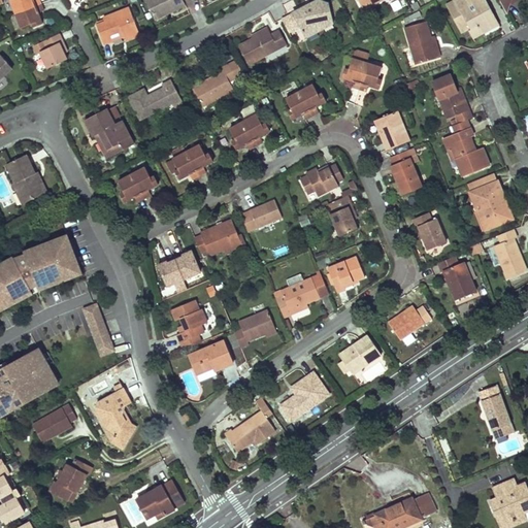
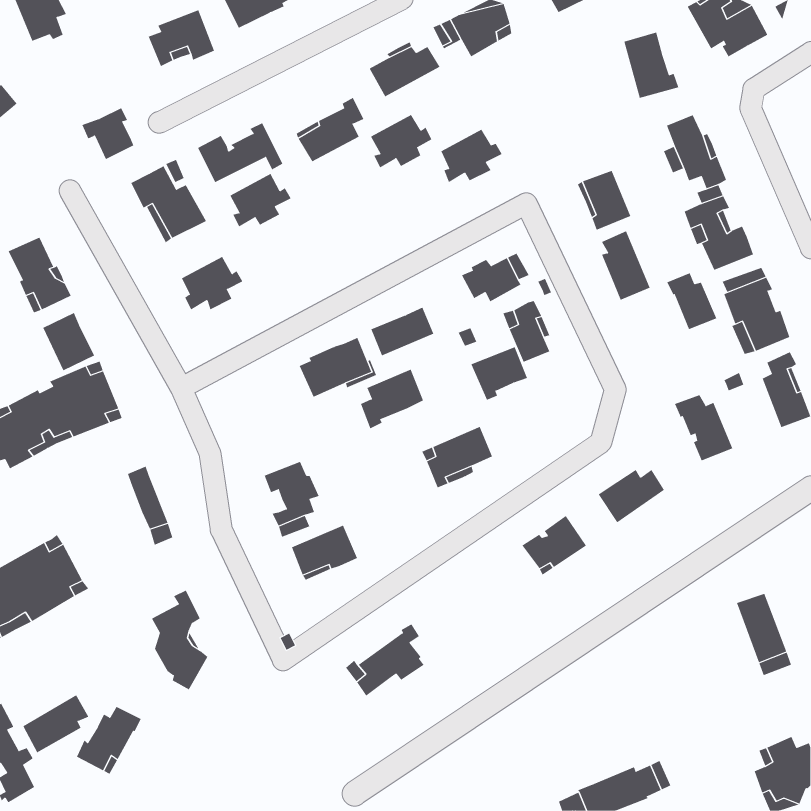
building: [32,33,66,67] -> [82,107,134,160]
building: [341,50,382,90] -> none
building: [229,113,269,148] -> [370,114,432,168]
building: [172,143,212,178] -> [229,173,291,227]
building: none -> [42,312,95,371]
building: [412,211,446,249] -> [666,273,717,330]
building: [158,250,200,292] -> none
building: [327,256,364,291] -> [471,347,528,401]
building: [234,308,275,348] -> [360,369,424,429]
building: [280,371,329,420] -> none
building: [33,403,76,441] -> [22,694,89,753]
building: [136,480,183,518] -> none

